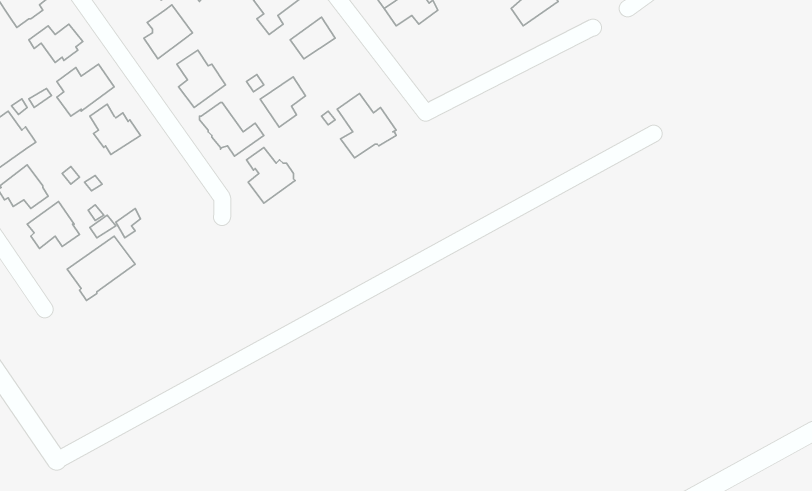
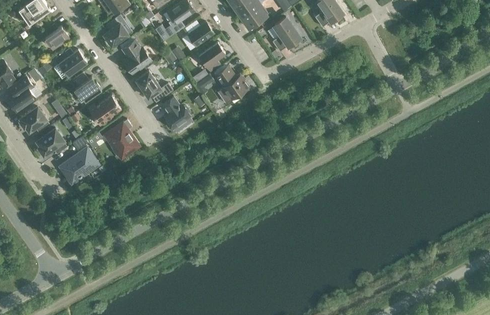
building: none -> [271,17,299,52]
building: [260,77,305,127] -> [198,42,224,71]
building: none -> [87,95,120,125]
building: none -> [104,119,139,160]

